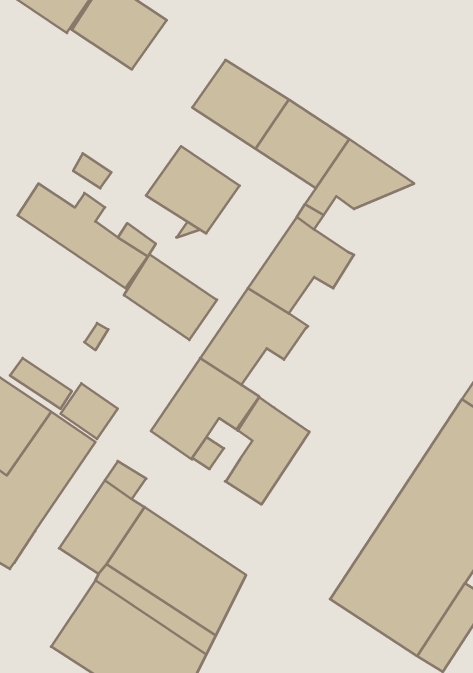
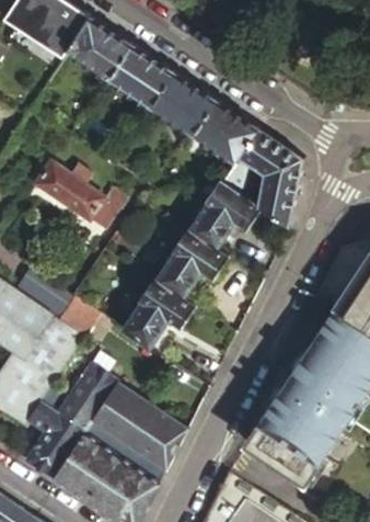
building: [146,146,240,233] -> [106,45,171,105]
building: none -> [255,158,301,225]
building: [124,254,217,340] -> none
building: [225,397,309,504] -> none
building: none -> [23,398,83,478]

